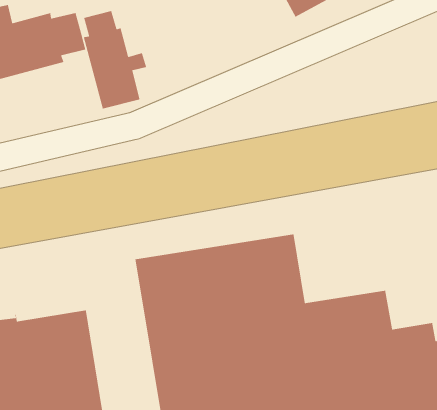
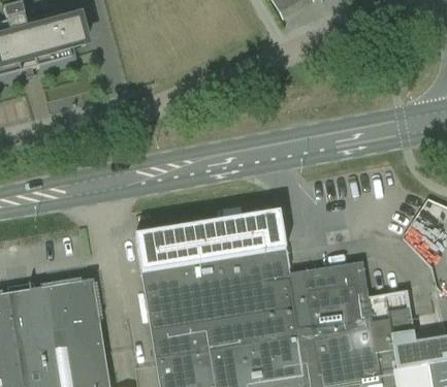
building: [83,10,147,110] -> none

